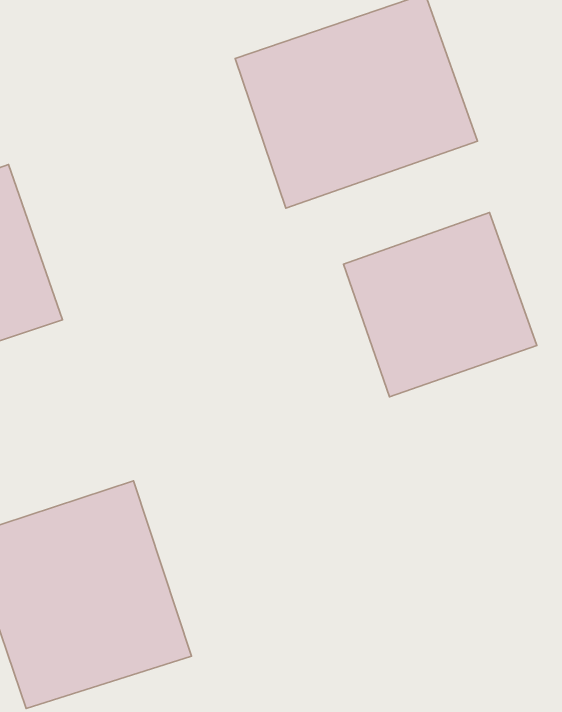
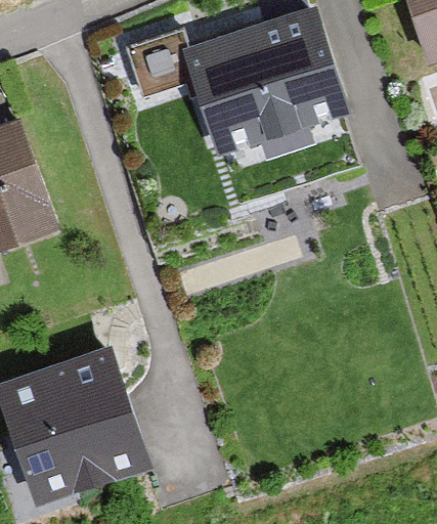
building: [344,212,537,397] -> none

